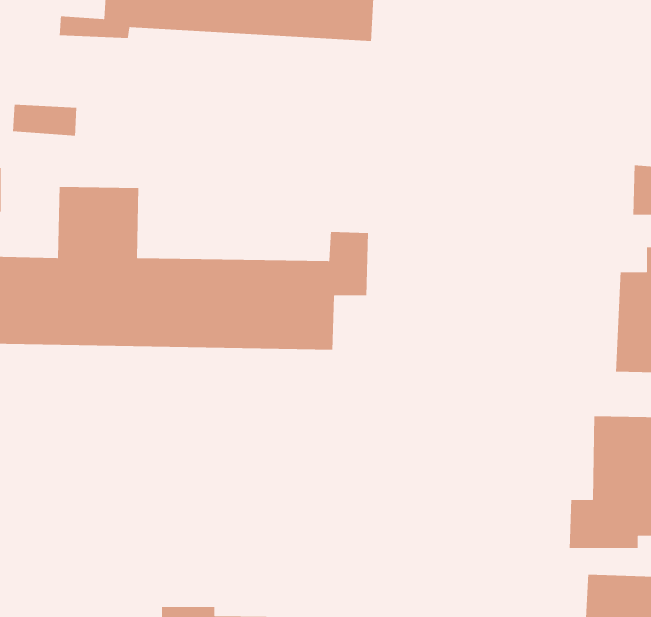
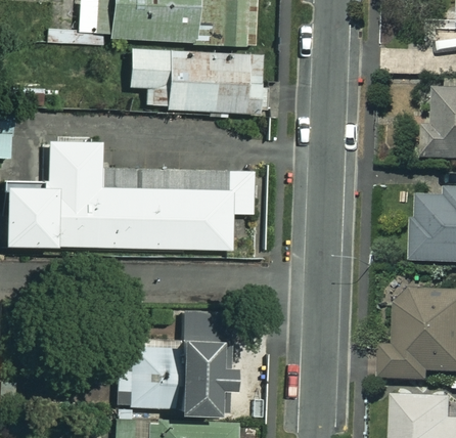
building: none -> [127,48,264,113]
building: none -> [103,310,224,414]

